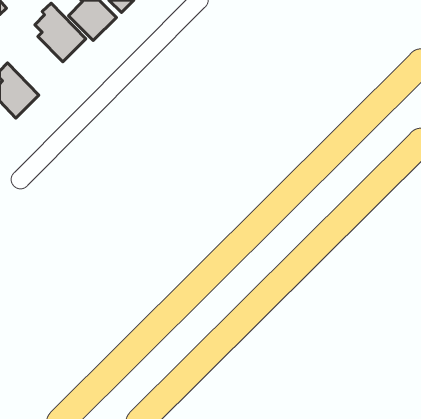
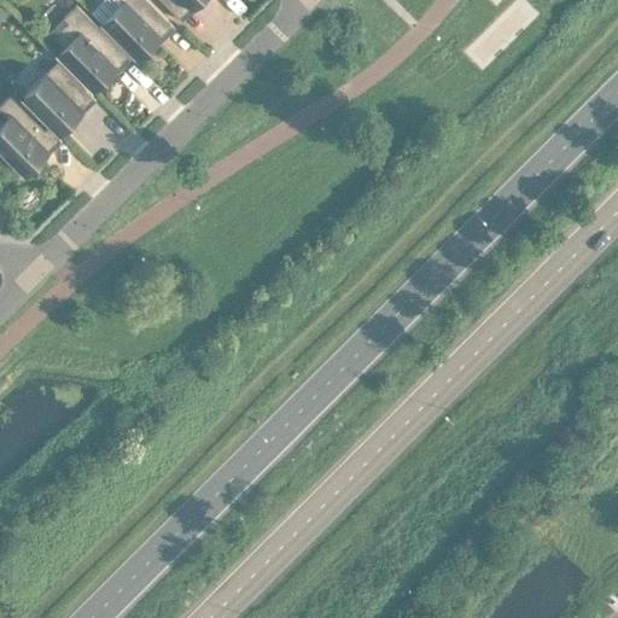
building: none -> [21,65,92,136]

